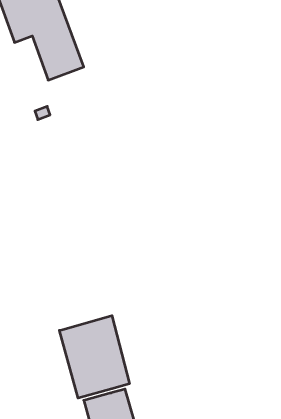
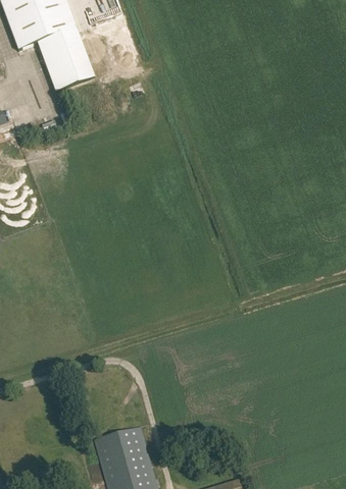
building: [59,316,129,398] -> none

